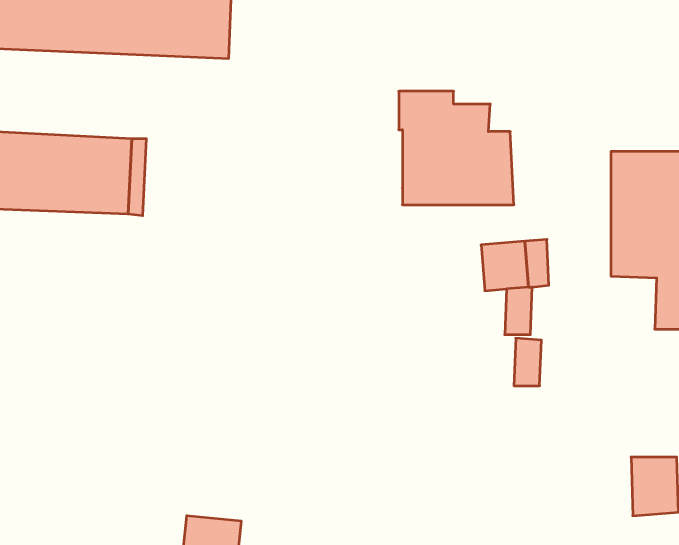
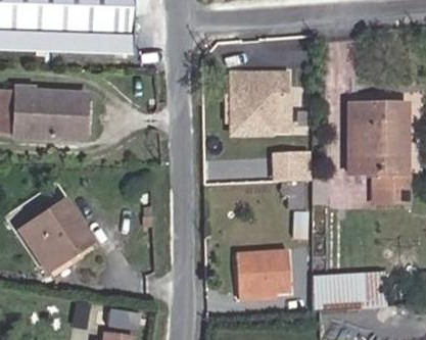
building: none -> [21,199,92,275]
building: none -> [234,247,290,295]
building: none -> [313,274,360,309]

